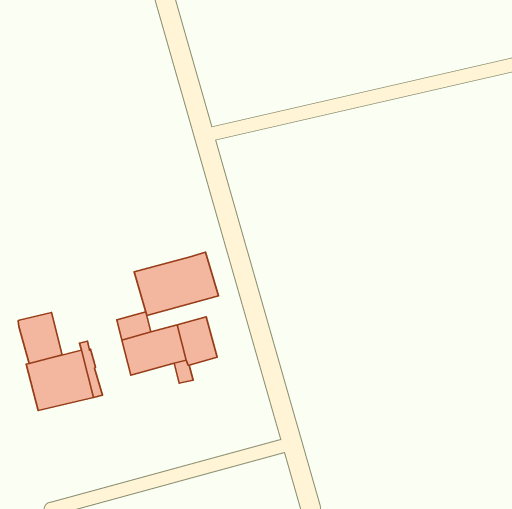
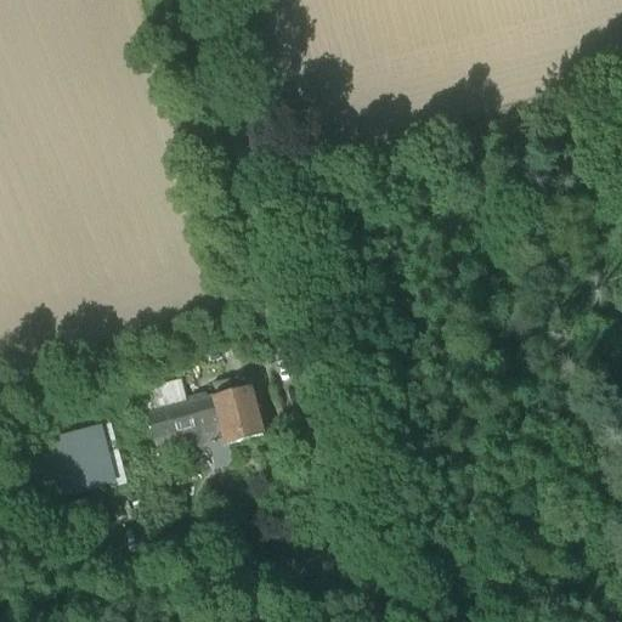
building: [134,252,218,316] -> none
building: [18,312,62,363] -> none

